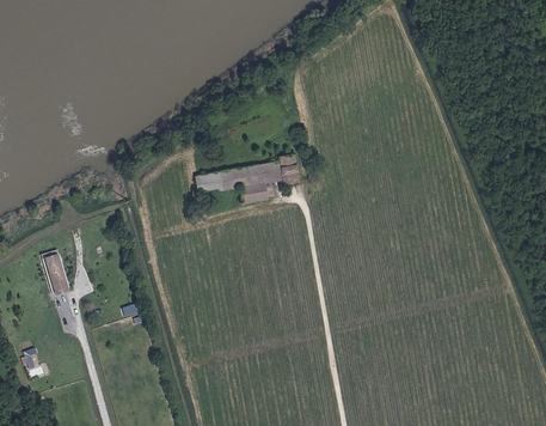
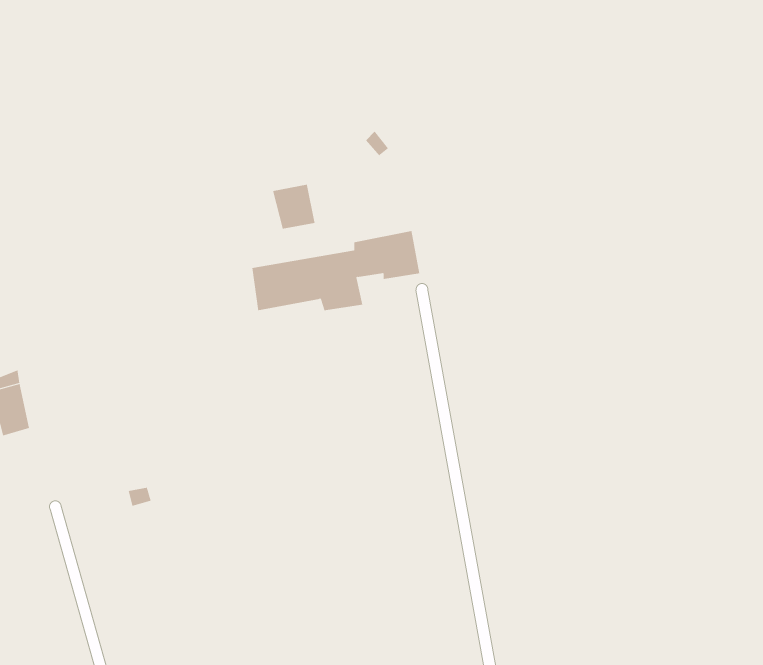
building: none -> [273,184,315,230]

